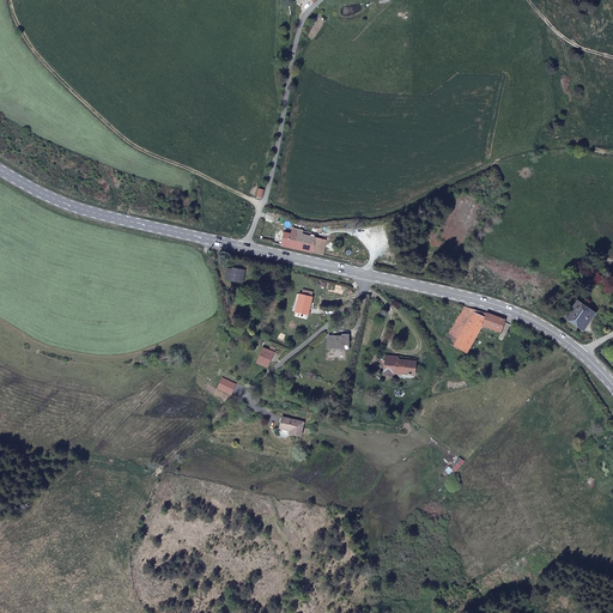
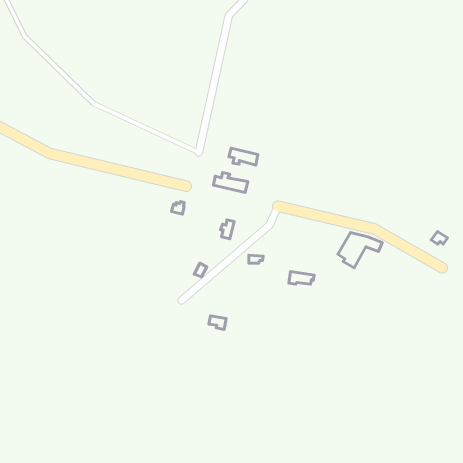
building: none -> [229,148,258,165]

